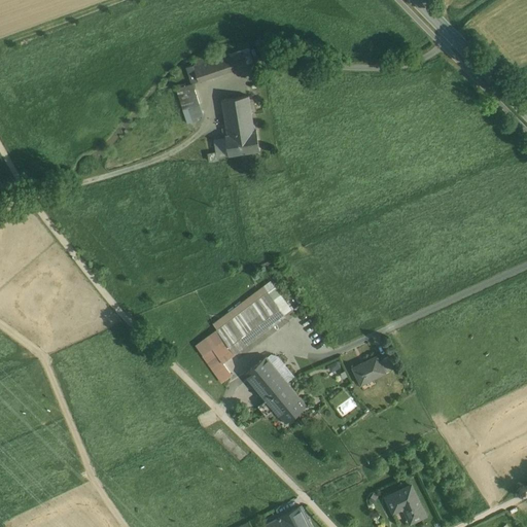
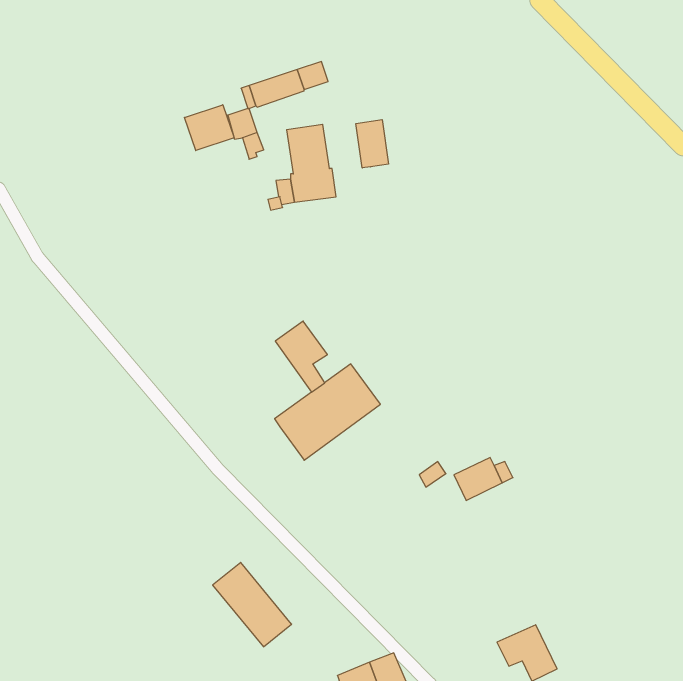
building: none -> [184,105,234,151]
building: none -> [356,120,388,168]
building: [194,330,234,385] -> [275,321,327,392]
building: [246,359,307,424] -> [213,562,292,647]

